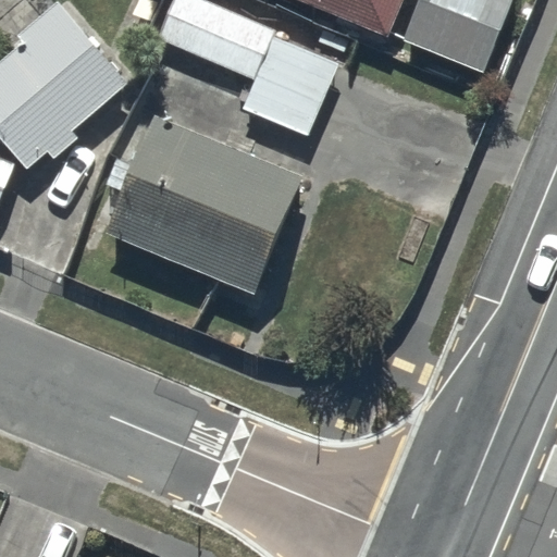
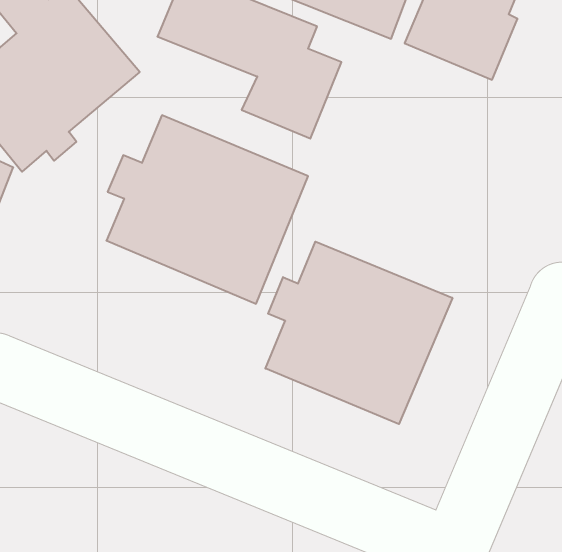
building: none -> [265,242,452,424]

